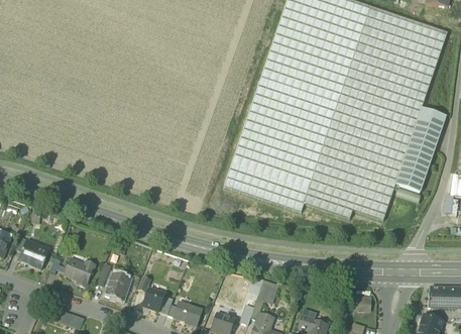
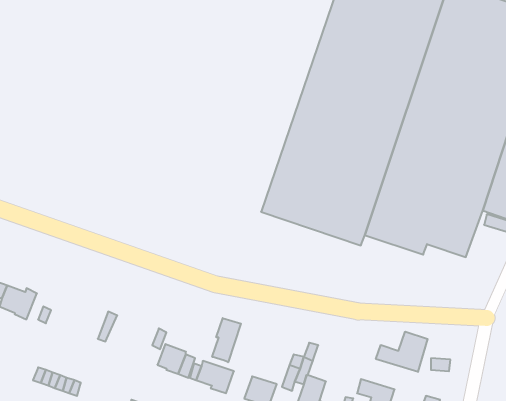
building: [64,257,96,287] -> none
building: none -> [212,318,241,362]
building: [106,272,130,300] -> none
building: none -> [376,332,428,372]

